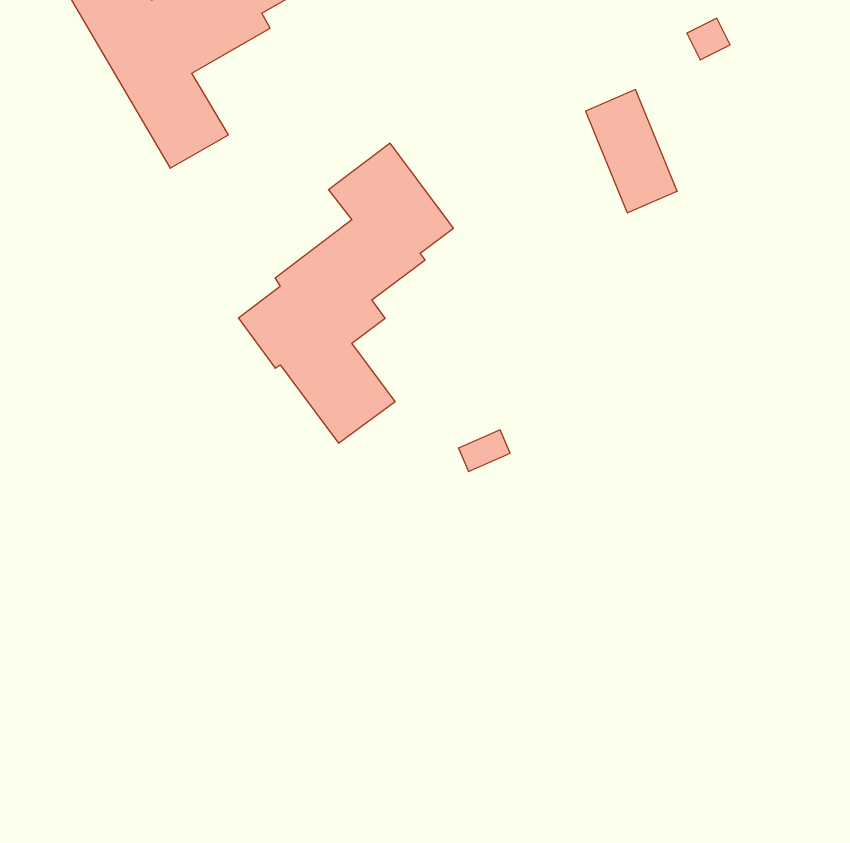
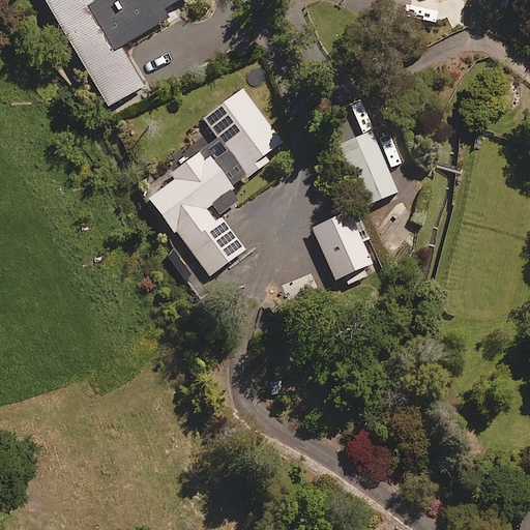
building: [586,90,677,213] -> [340,128,396,205]
building: none -> [314,212,372,279]

